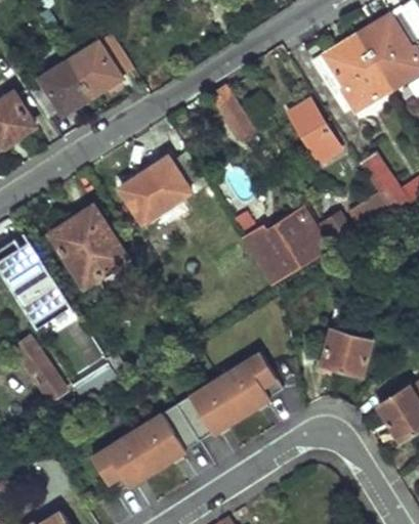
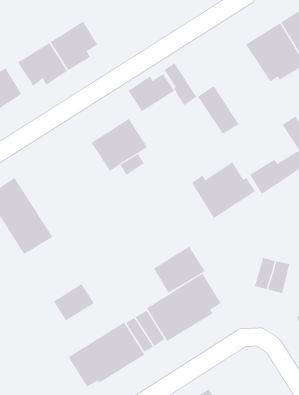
building: none -> [128,73,175,112]
building: [289,101,342,163] -> [197,86,240,135]
building: [50,207,126,287] -> none
building: none -> [153,246,205,293]
building: [10,333,69,403] -> none

